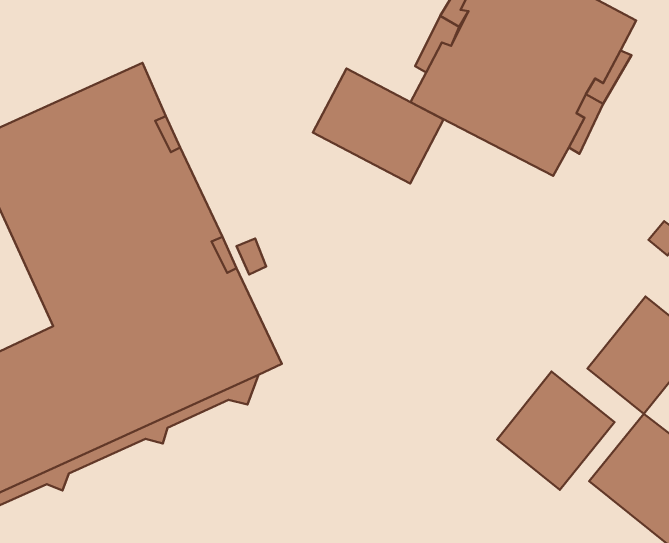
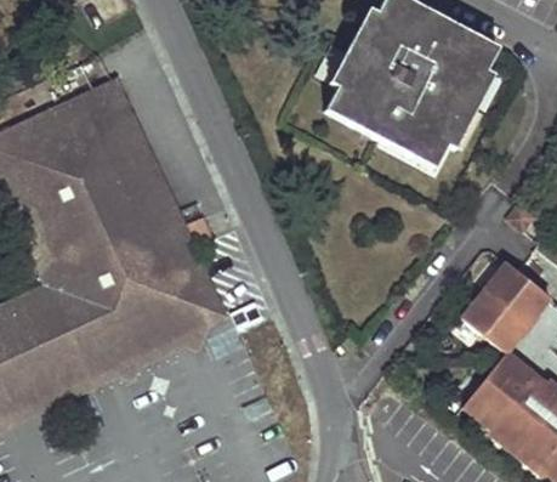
building: [313,68,444,184] -> none
building: [497,372,615,490] -> none

